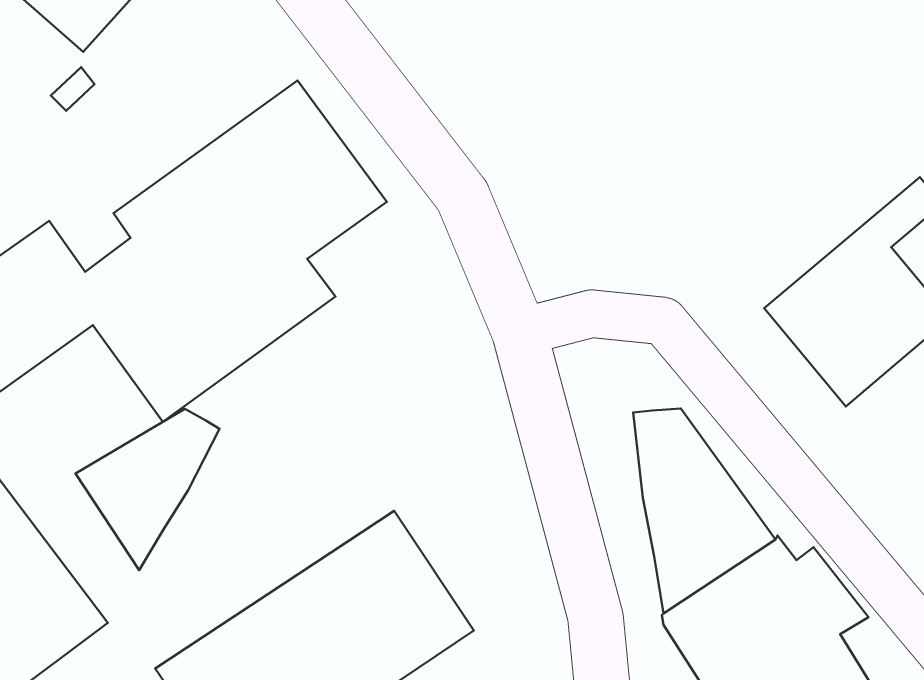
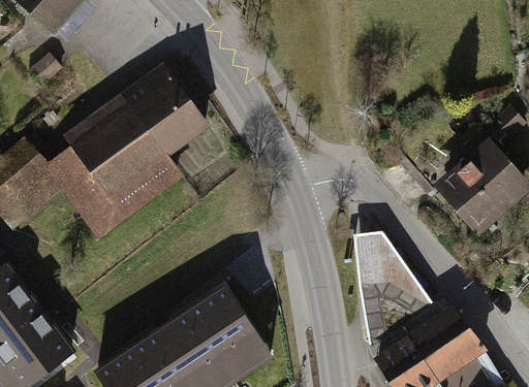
building: [76,409,220,570] -> none

